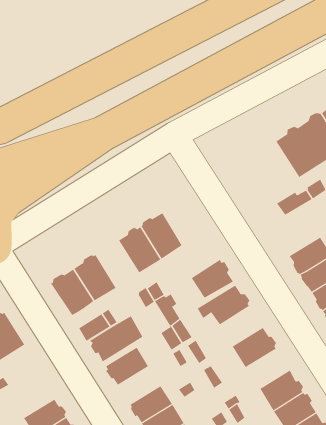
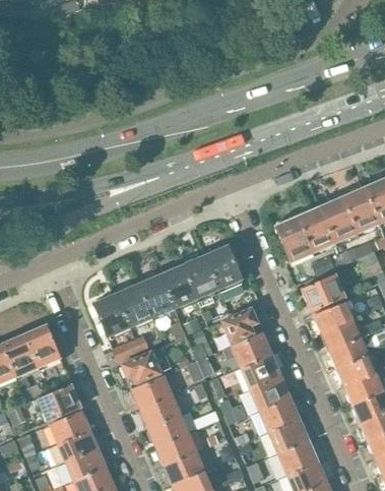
building: none -> [274,207,334,263]
building: none -> [205,246,242,289]
building: none -> [301,272,345,311]
building: none -> [138,275,175,318]
building: none -> [241,354,280,388]
building: none -> [258,396,299,431]
building: none -> [138,394,179,427]
building: none -> [37,383,79,421]

